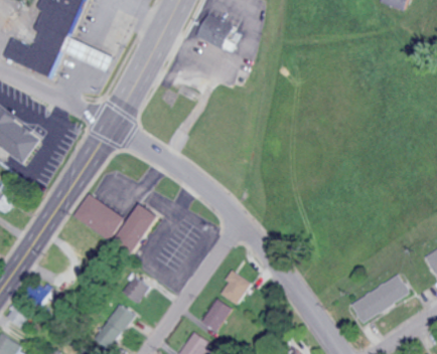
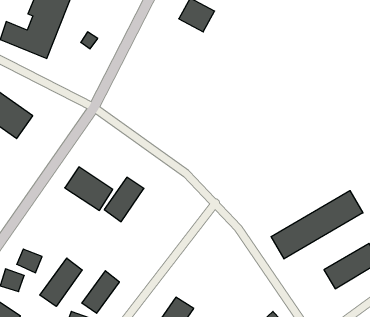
building: none -> [271,191,363,259]
building: [220,270,250,305] -> none
building: [119,276,147,304] -> none
building: none -> [40,258,82,306]
building: [199,299,230,332] -> none

